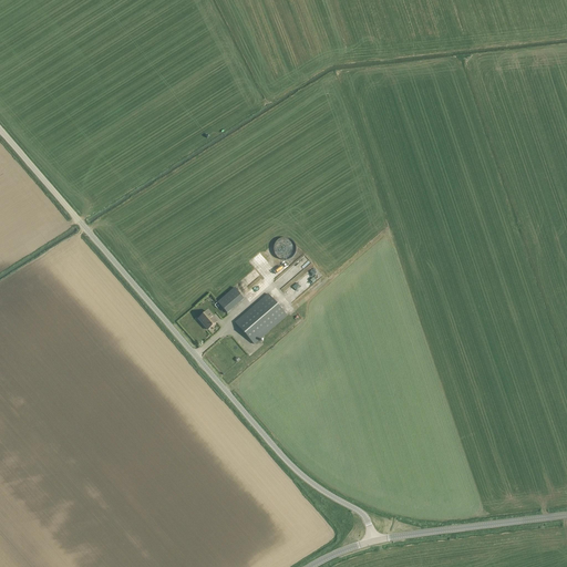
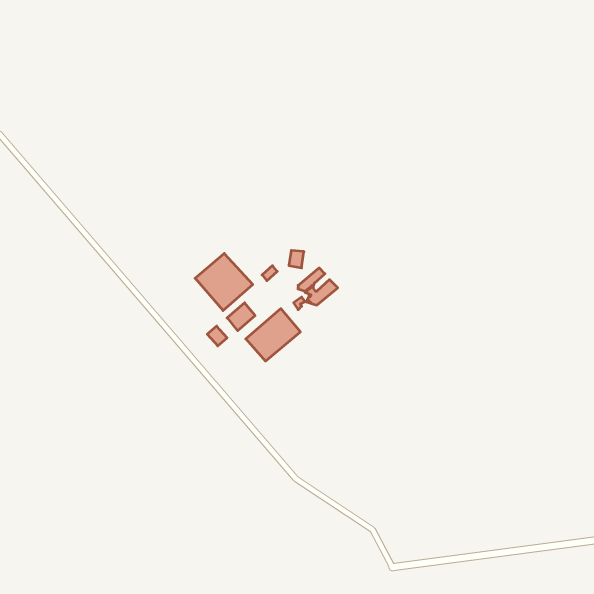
building: none -> [195,253,253,311]

